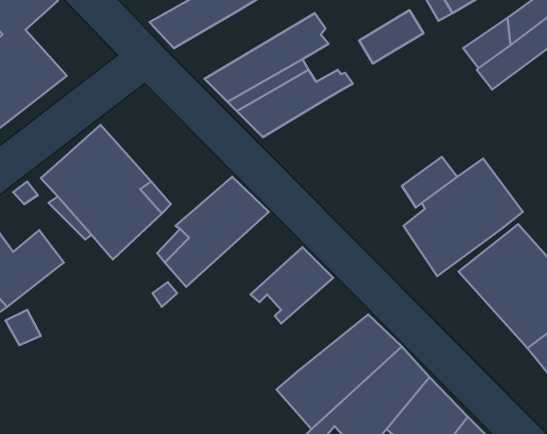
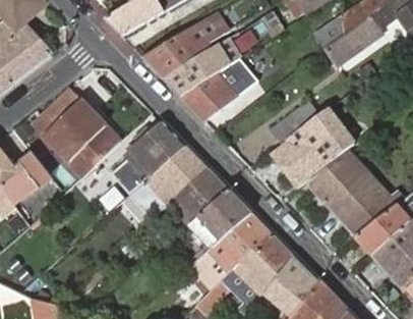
building: none -> [180,58,259,119]
building: none -> [129,145,206,218]
building: none -> [190,189,250,251]

